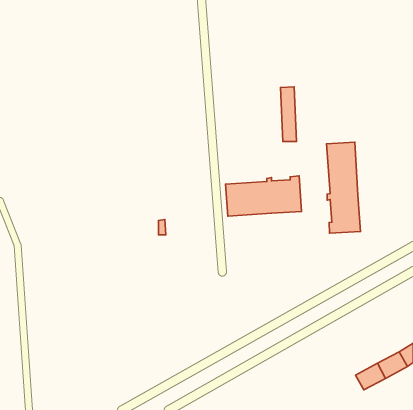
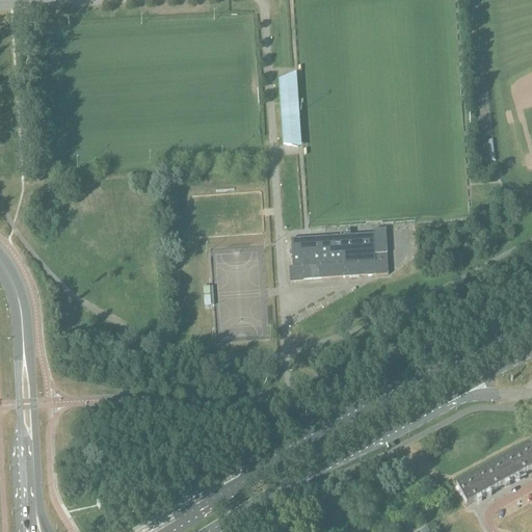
building: [280,87,297,142] -> [280,72,300,142]
building: [326,142,361,233] -> none

